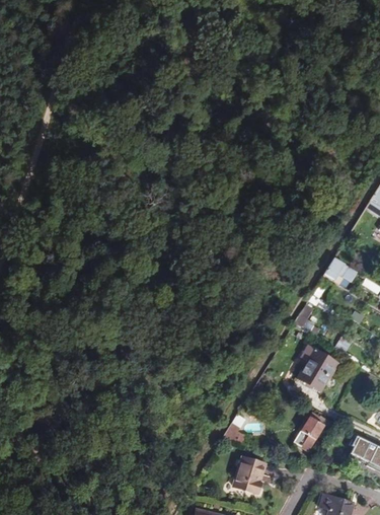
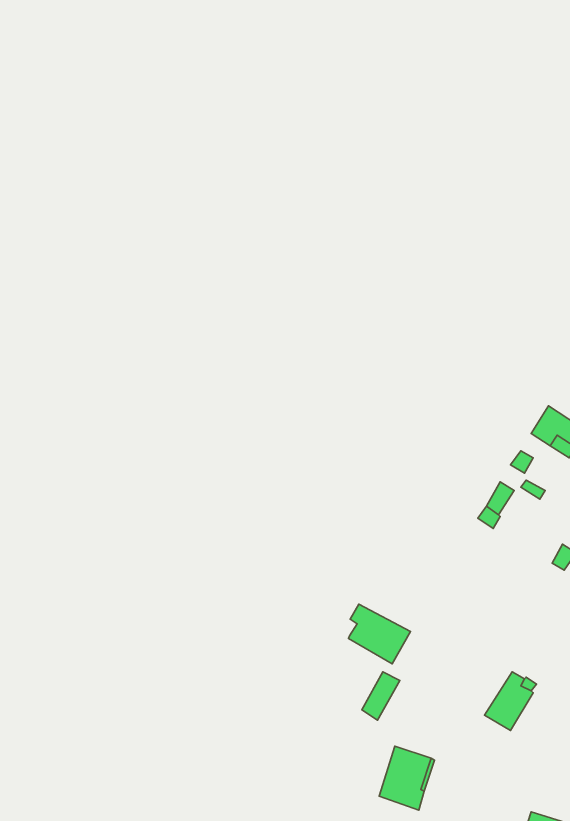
building: [297,345,338,391] -> none
building: none -> [349,604,411,664]

